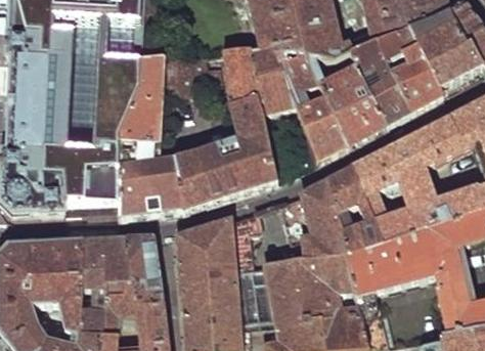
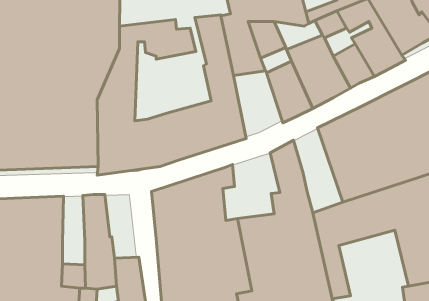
building: [325,165,378,255] -> none
building: [126,233,162,303] -> none
building: [81,236,104,286] -> none

